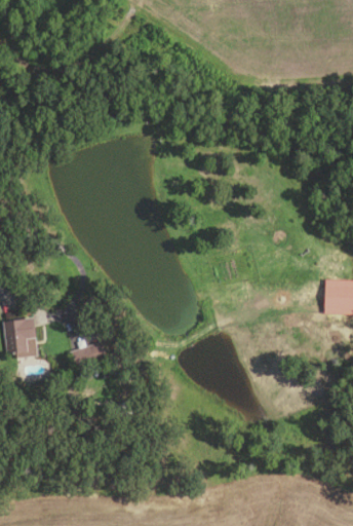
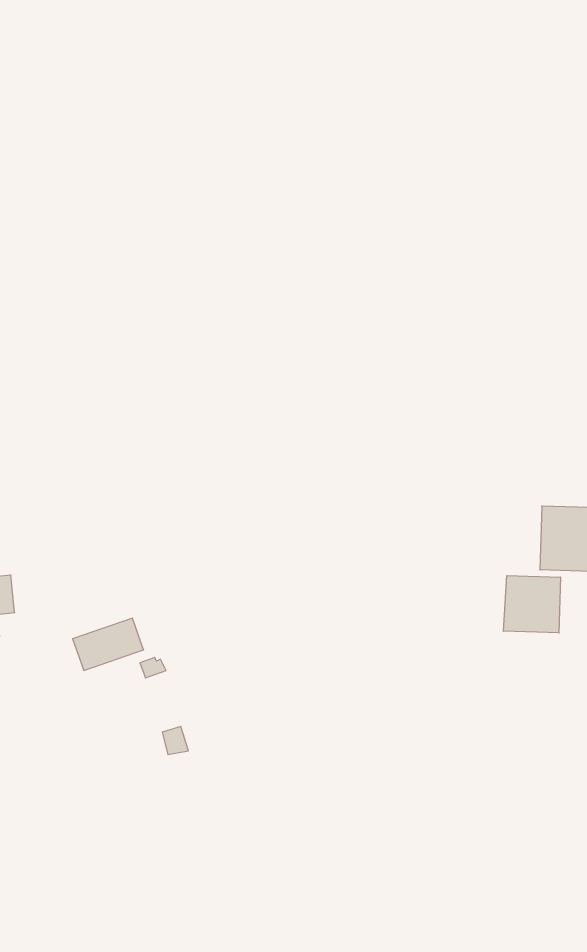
building: none -> [503,576,560,633]

